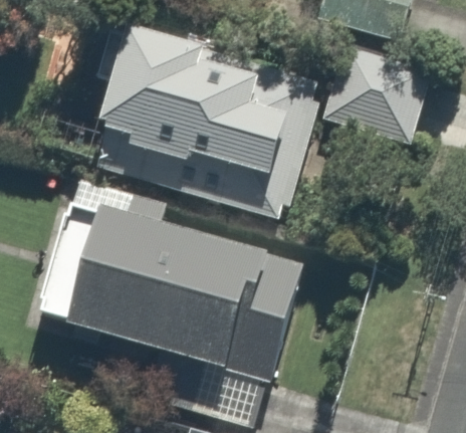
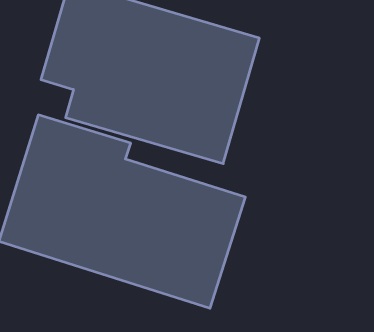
building: [334,44,445,148] -> none

